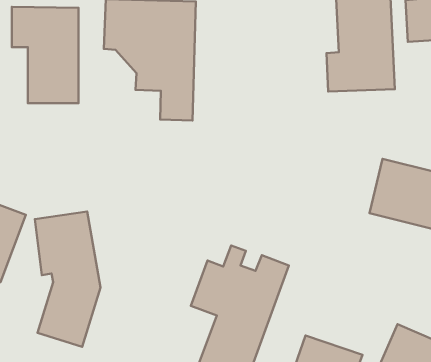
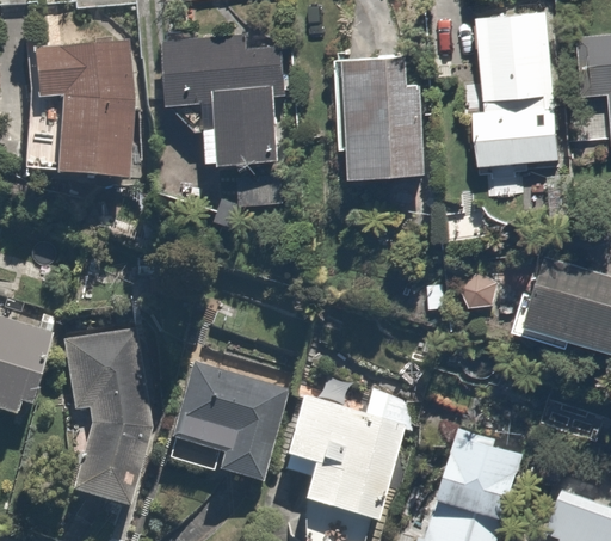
building: none -> [352,57,431,176]
building: none -> [165,355,297,498]
building: none -> [434,429,536,524]

